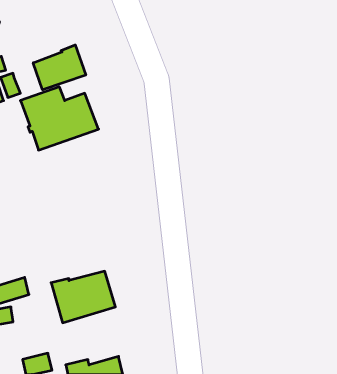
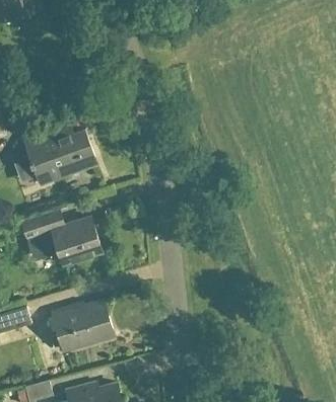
building: [33,45,86,90] -> none
building: none -> [21,210,102,263]

